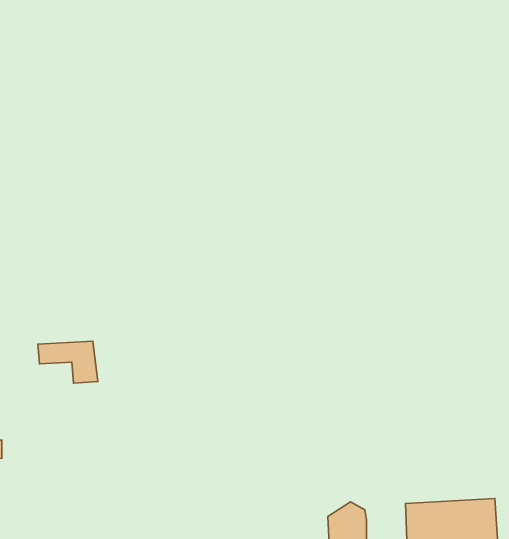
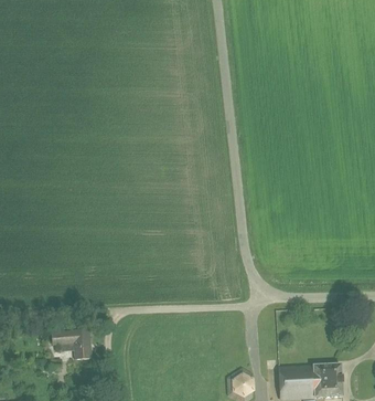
building: [38,341,98,383] -> [51,328,92,357]

